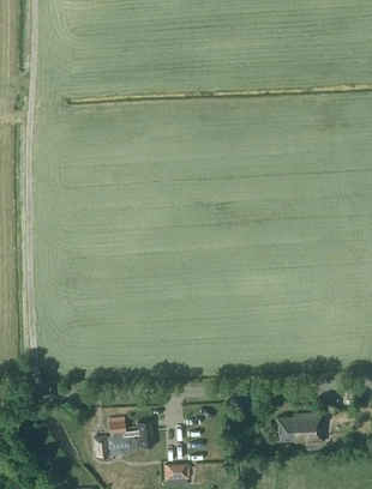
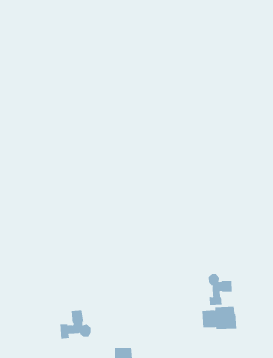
building: none -> [208,273,232,306]

